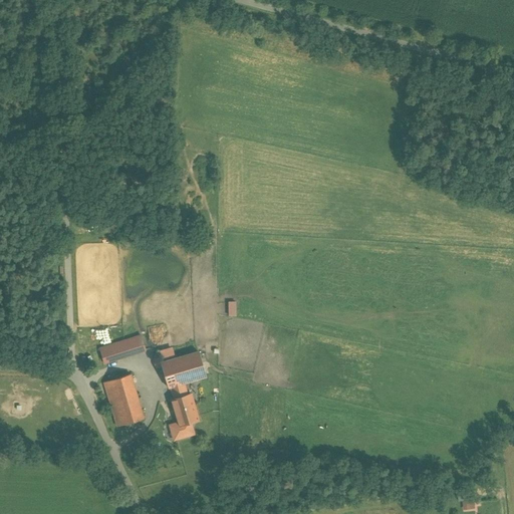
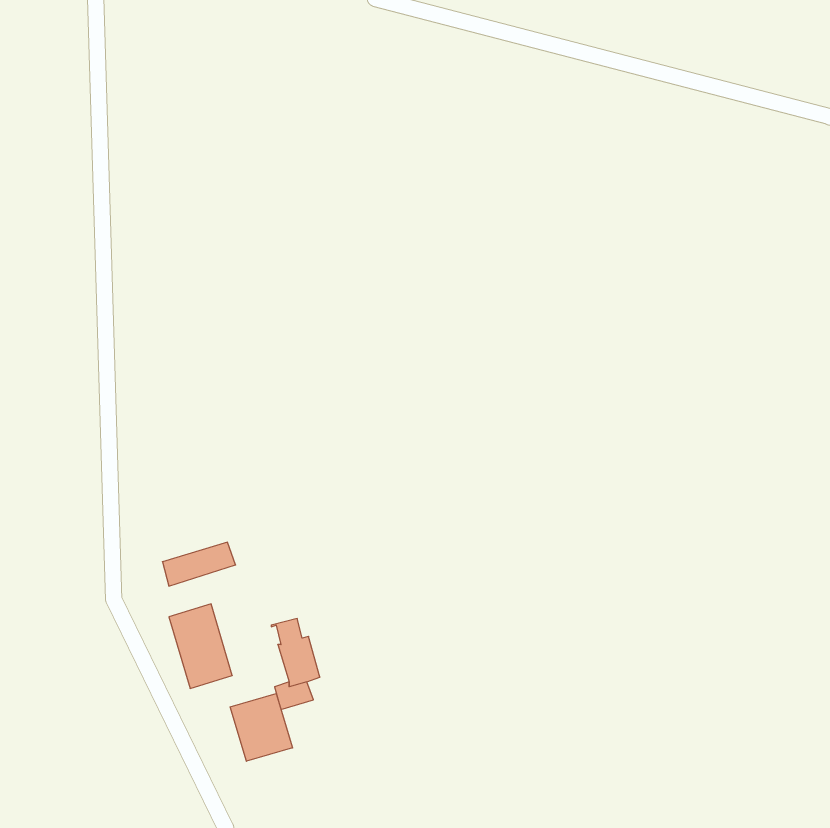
building: [161,351,206,387] -> none
building: none -> [230,694,293,761]

